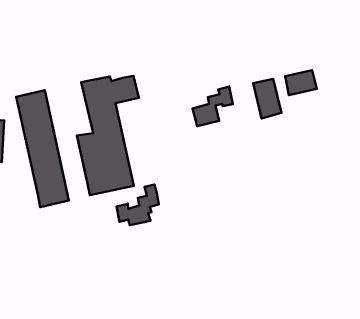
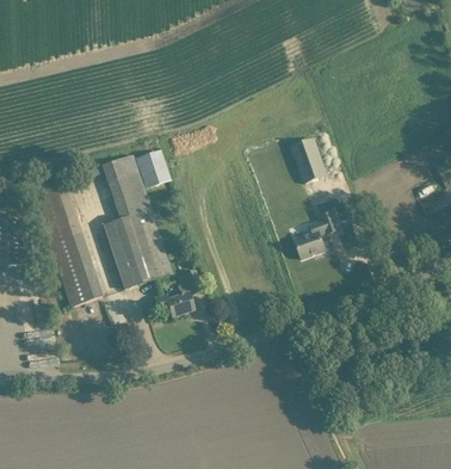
building: [285,70,317,95] -> none
building: [192,86,233,126] -> [295,211,339,259]

